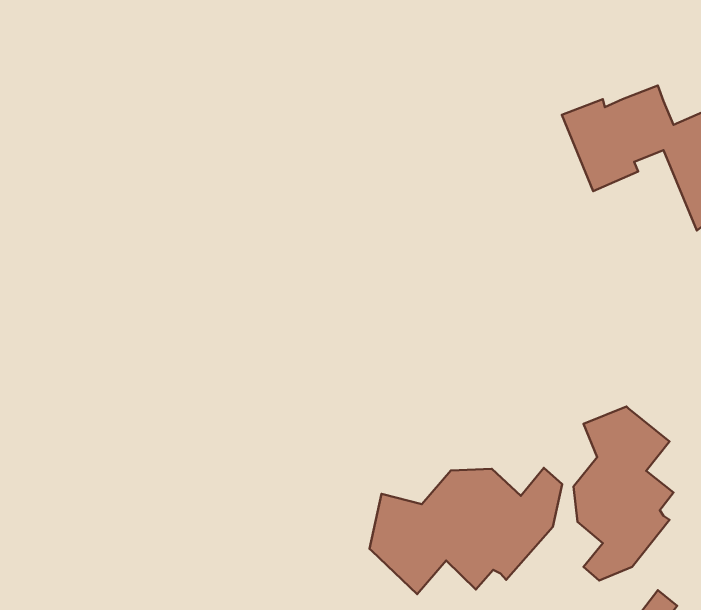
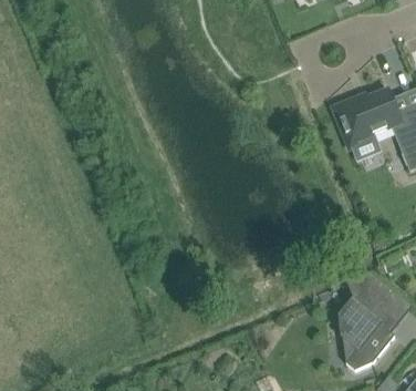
building: [369,468,562,594] -> none

